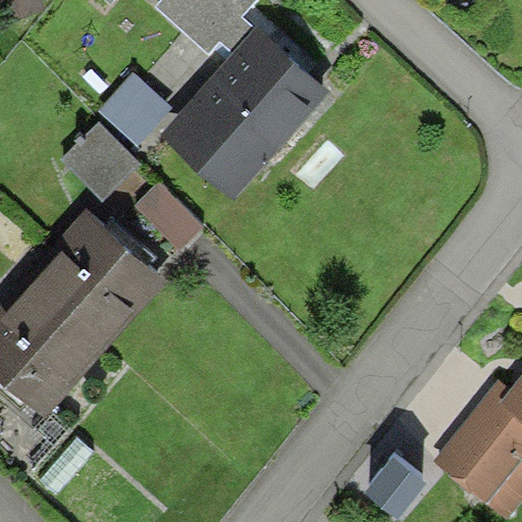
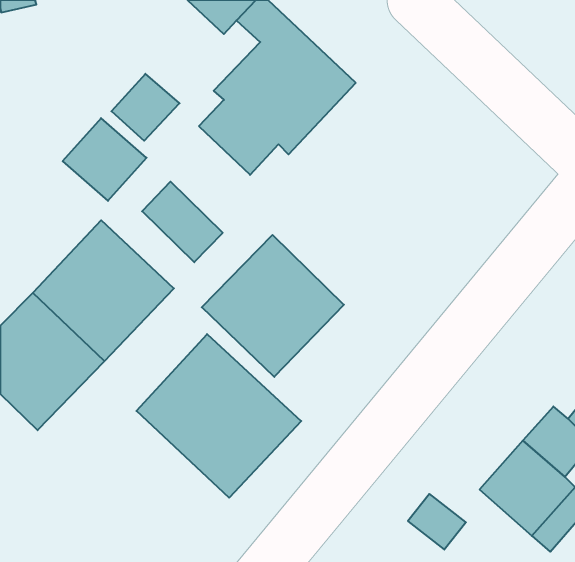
building: none -> [202,235,344,377]
building: none -> [136,334,301,498]

